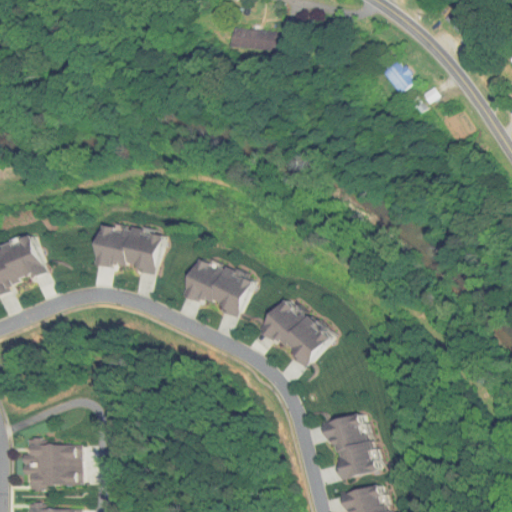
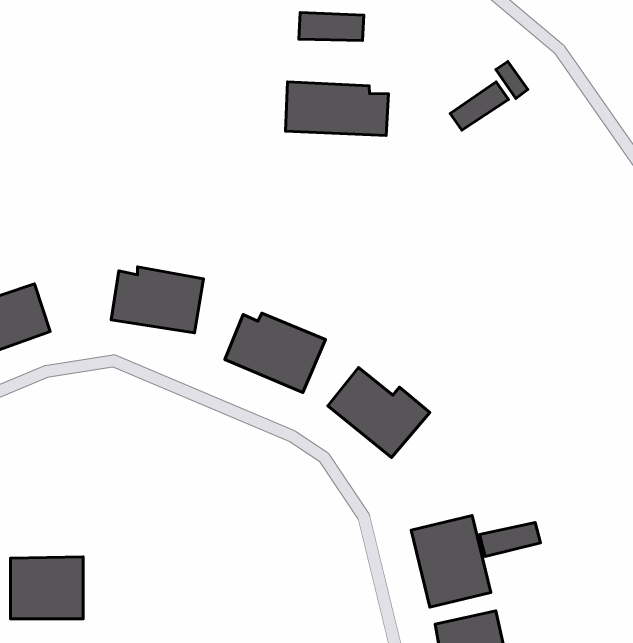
building: none -> [450,82,508,130]
building: none -> [285,82,388,136]
building: none -> [480,522,541,556]

